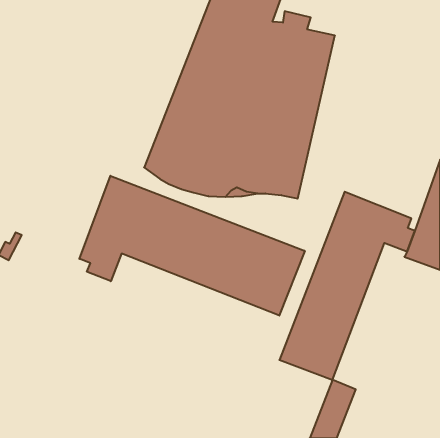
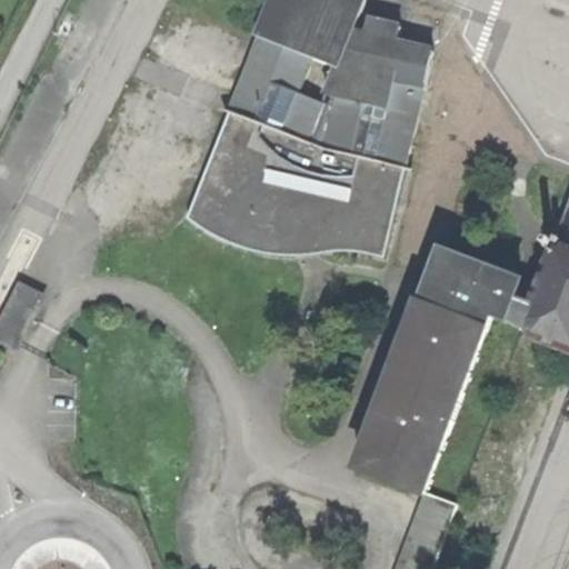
building: [79,176,305,316] -> none

